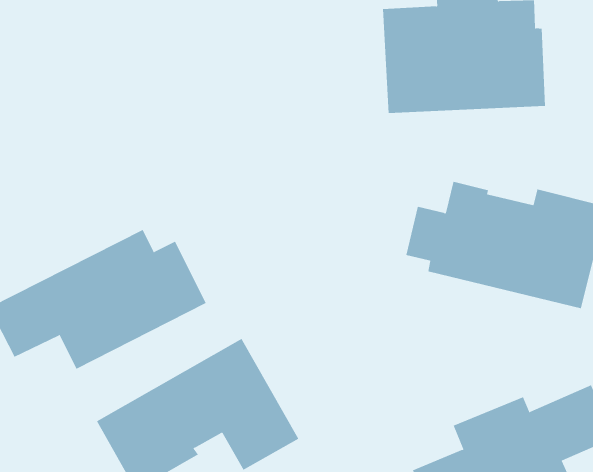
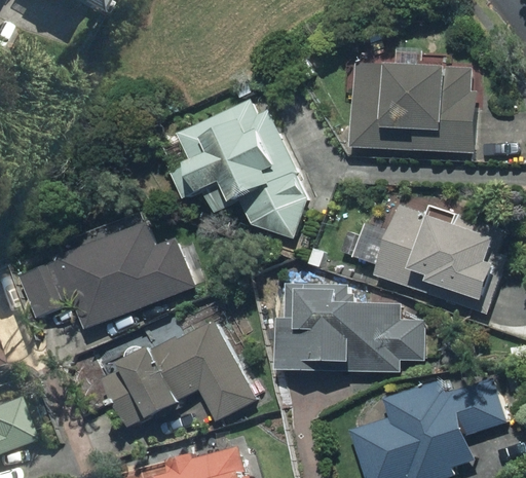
building: none -> [173,99,305,237]
building: none -> [271,284,426,373]

